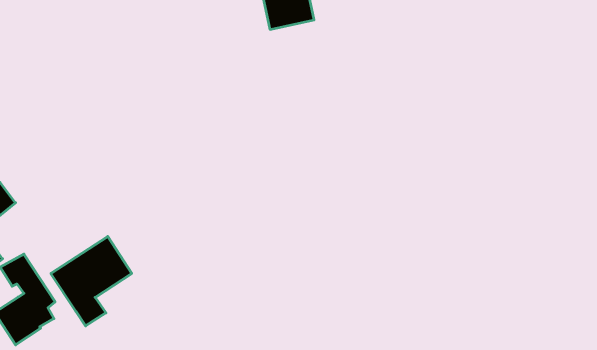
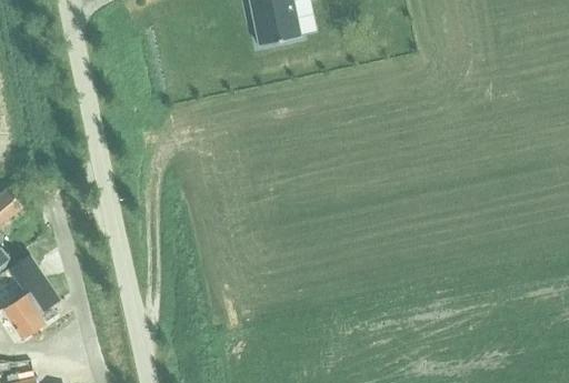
building: [51,236,132,326] -> none

